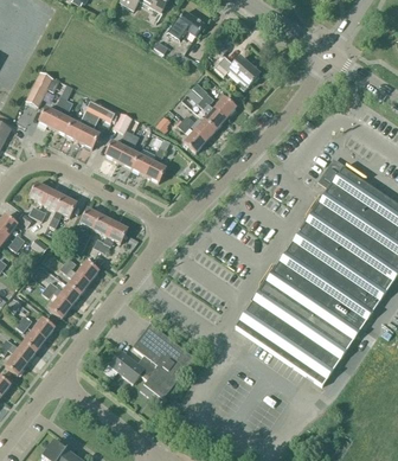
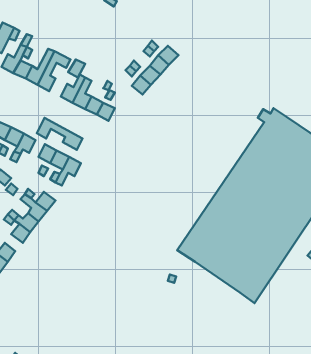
building: [213,57,258,90] -> none
building: none -> [37,118,82,150]
building: [108,322,193,403] -> none

